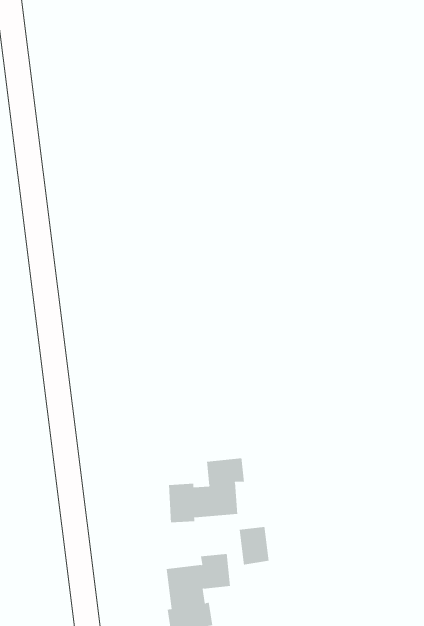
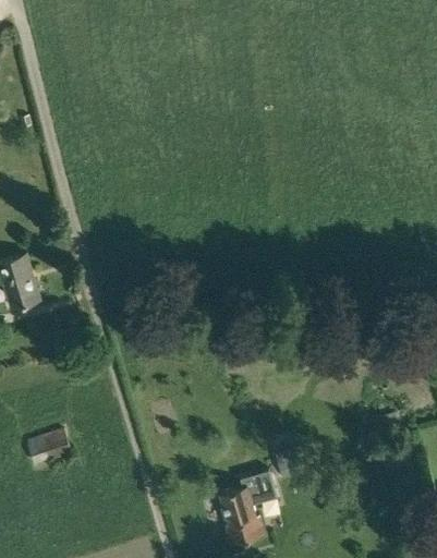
building: [168,458,244,523] -> none

